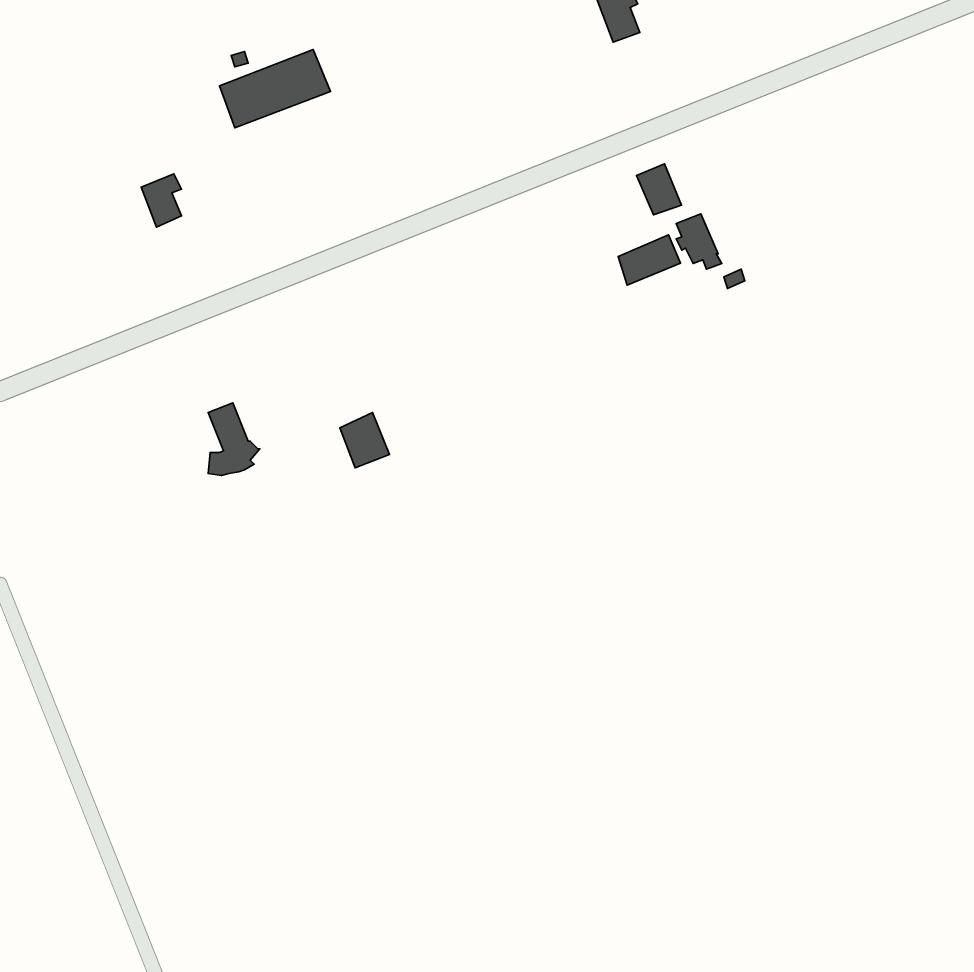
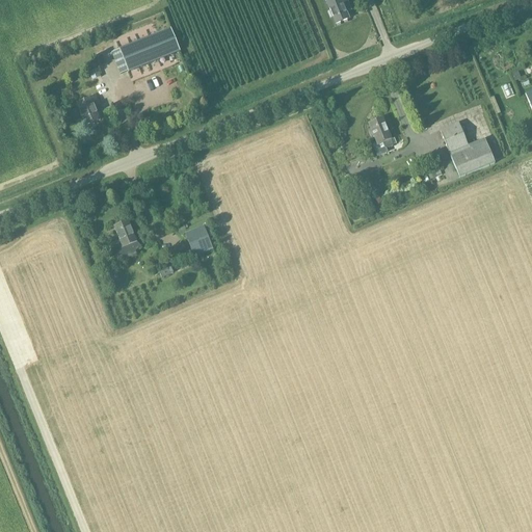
building: [636,164,681,215] -> none
building: none -> [440,122,496,177]
building: [618,235,681,285] -> none

